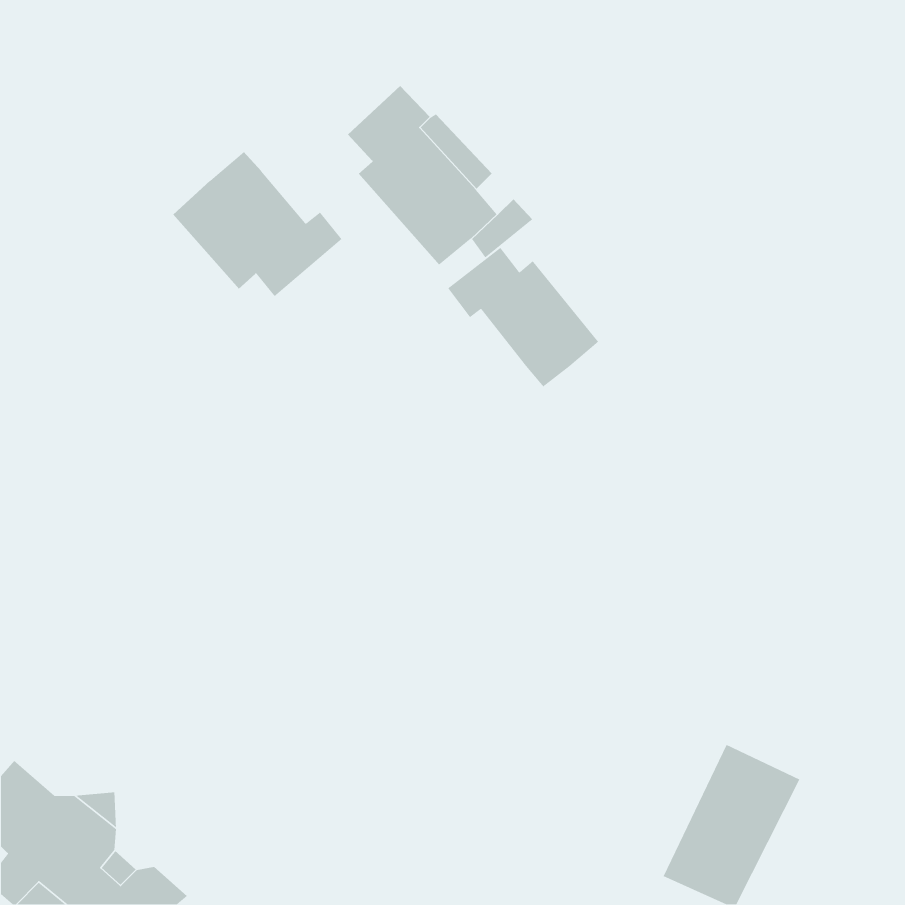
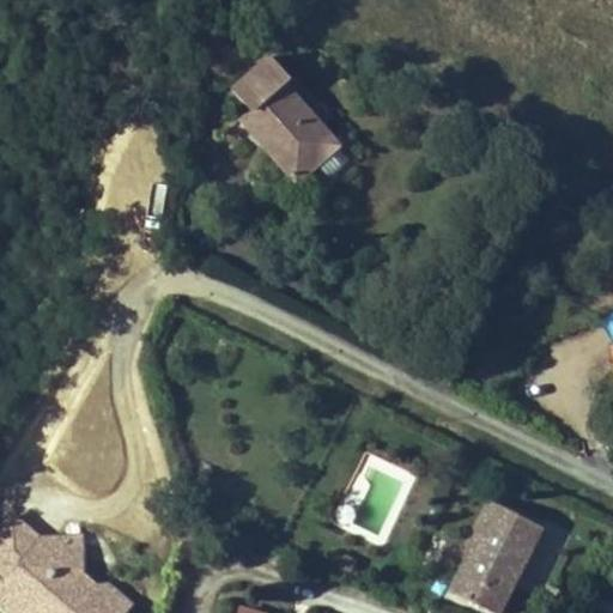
building: [172,151,342,297] -> none
building: [447,247,599,388] -> none

